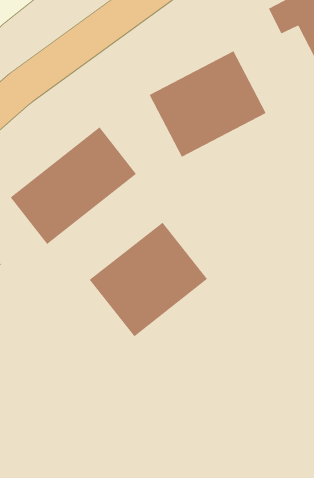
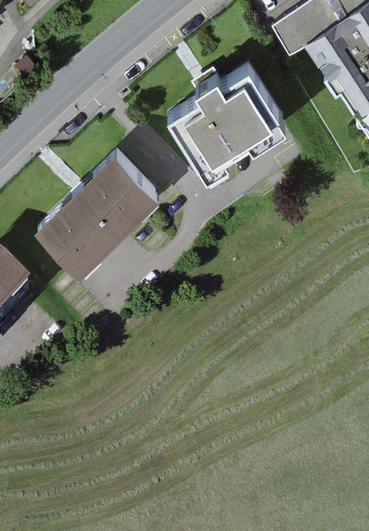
building: [89,222,208,337] -> none

